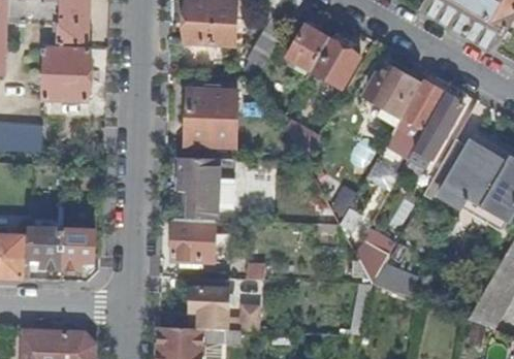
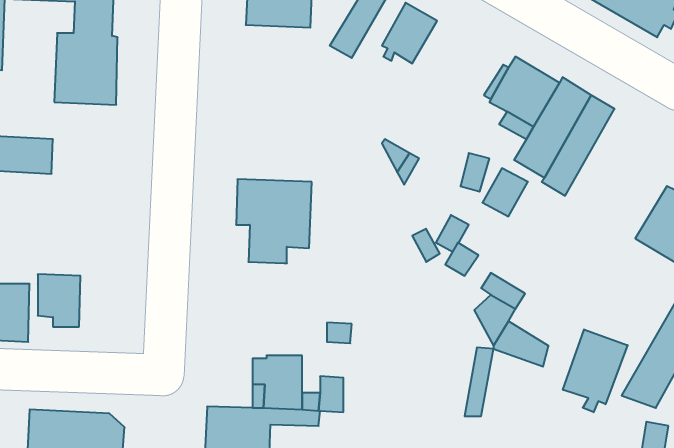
building: [311,32,360,88] -> none
building: [186,89,236,146] -> none
building: [427,139,502,201] -> none
building: [173,219,215,262] -> none
building: [61,229,95,268] -> none
building: none -> [563,329,628,412]

